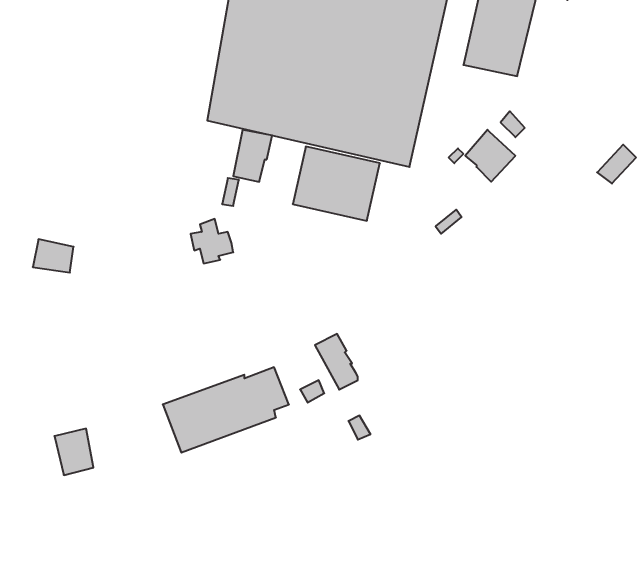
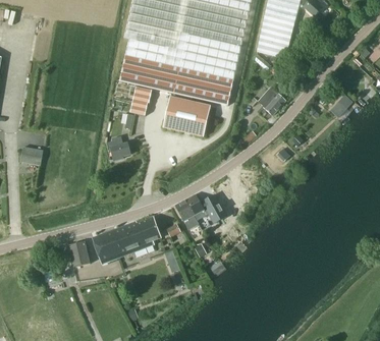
building: none -> [187,193,226,222]
building: [54,429,93,475] -> [68,241,90,267]

